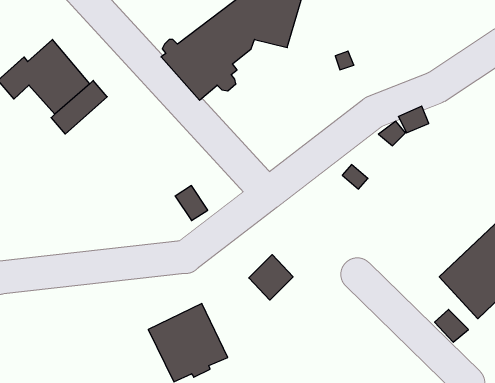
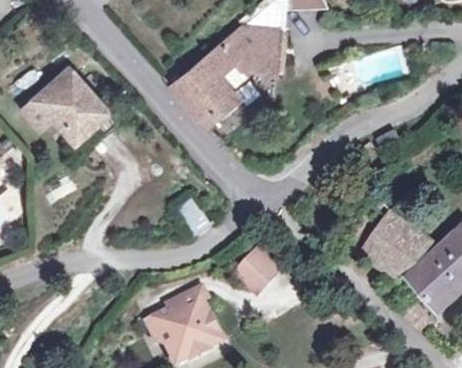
building: none -> [357,209,434,279]

